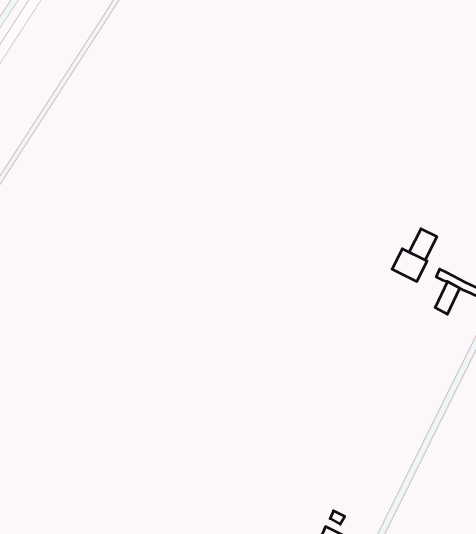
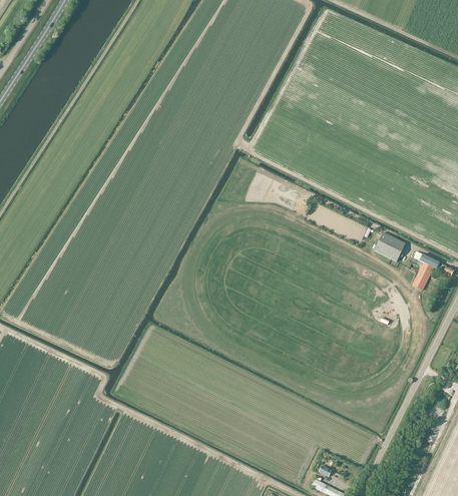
building: [409,229,437,260] -> none

